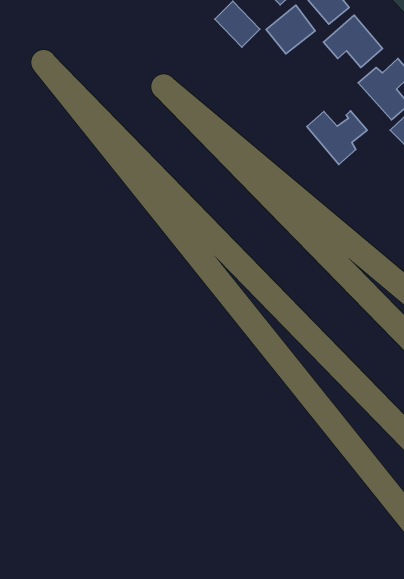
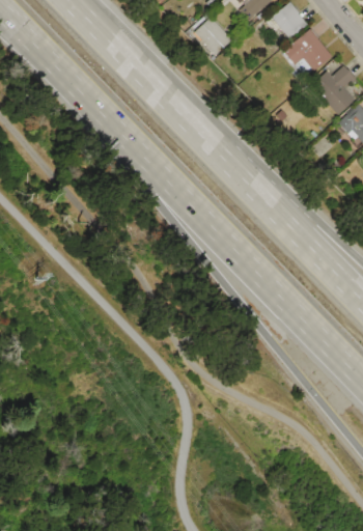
building: [266,5,315,54] -> none
building: [307,111,367,165] -> none

